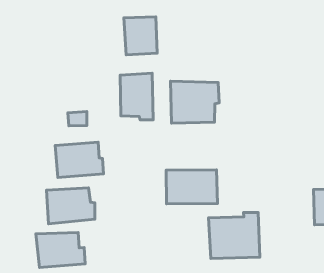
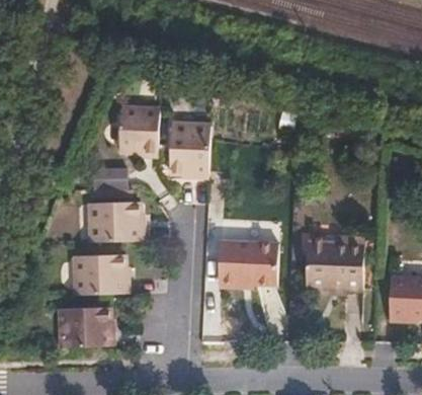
building: [124,17,157,55] -> [118,112,156,156]
building: [171,81,219,123] -> none
building: [208,212,260,258] -> [308,234,366,288]

